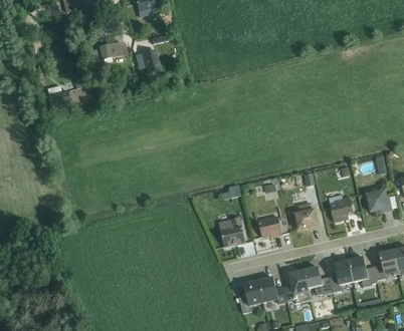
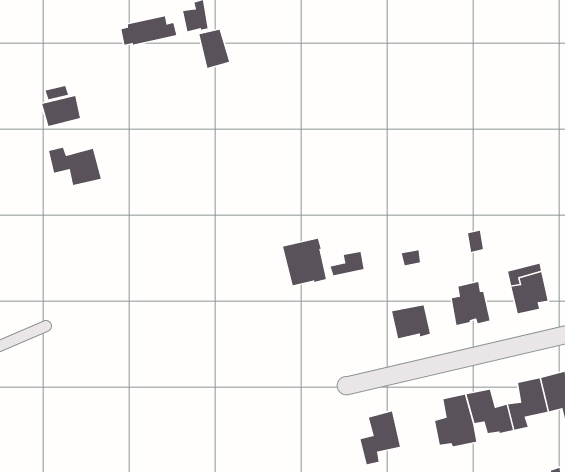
building: none -> [48,147,102,186]
building: [218,217,245,246] -> [282,238,327,286]
building: [258,277,286,303] -> none

